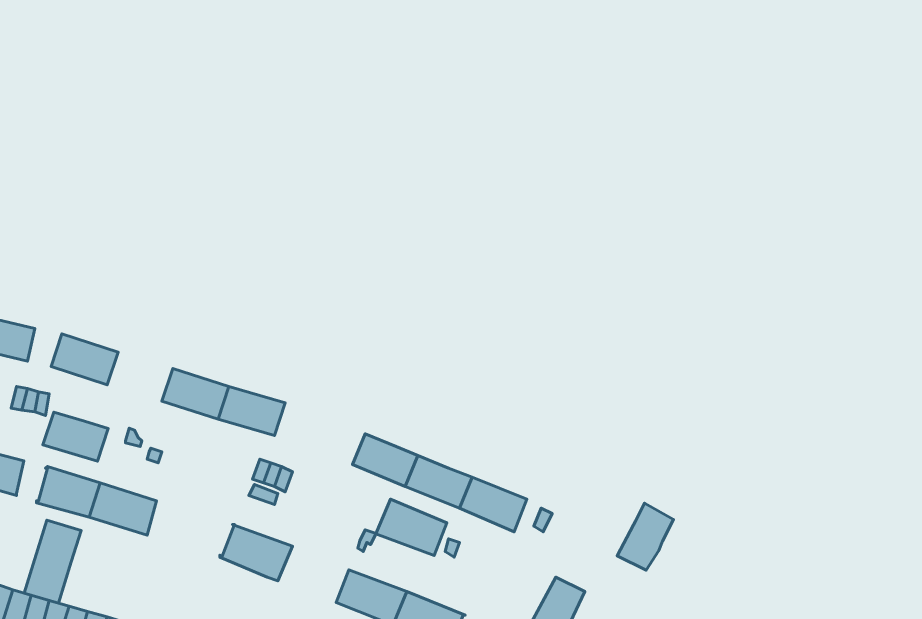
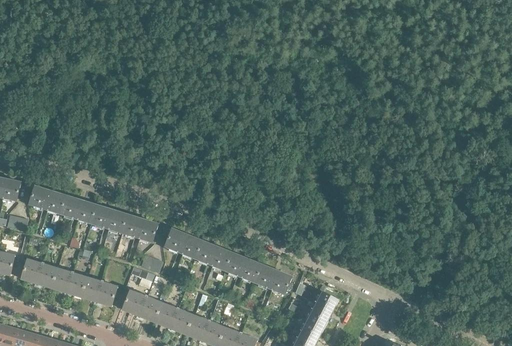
building: none -> [165,228,202,257]
building: [43,412,108,461] -> [60,195,96,222]
building: [376,499,447,556] -> [154,302,193,333]
building: none -> [82,277,118,305]
building: [617,503,674,570] -> [307,290,338,327]
building: [24,520,81,603] -> none

